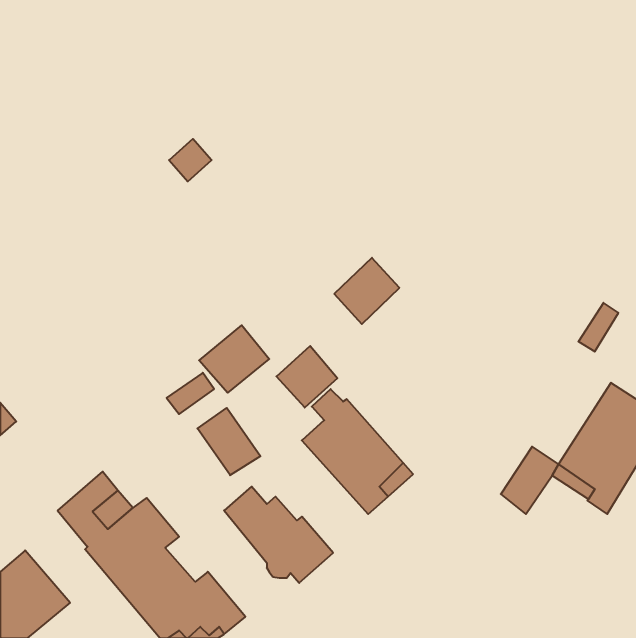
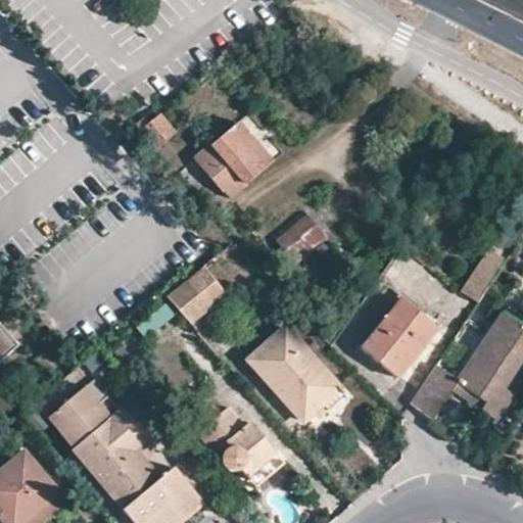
building: none -> [194,121,275,198]
building: [276,346,337,408] -> none
building: none -> [365,301,433,373]
building: [197,408,260,475] -> none

